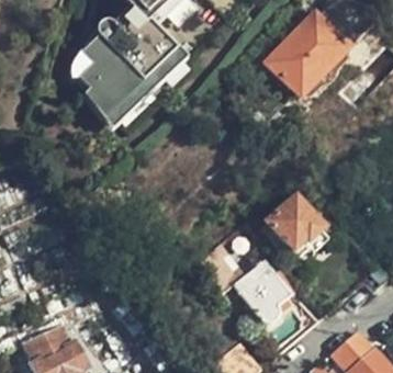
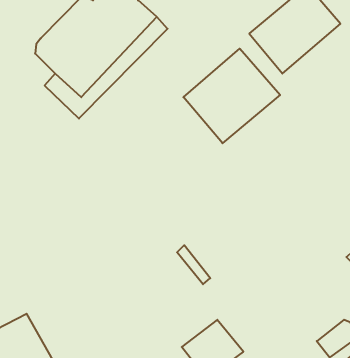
building: none -> [183,49,280,143]
building: [265,197,323,247] -> none
building: [234,261,288,318] -> none

